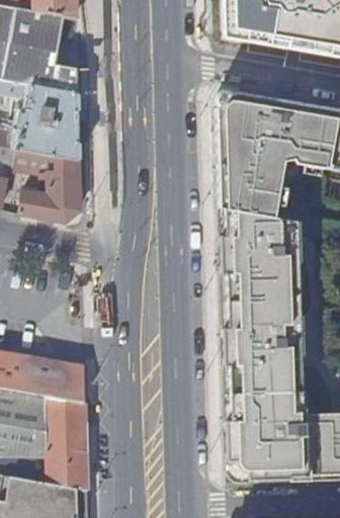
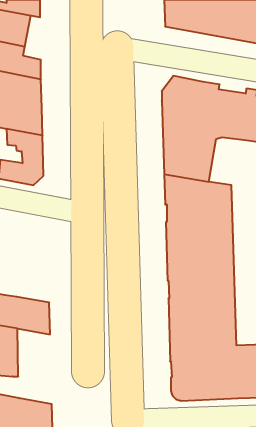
building: [40,397,88,488] -> none

